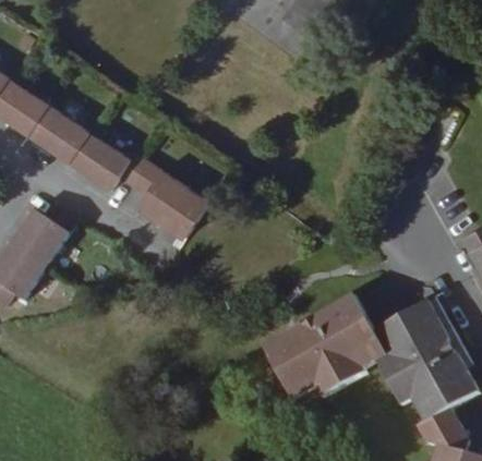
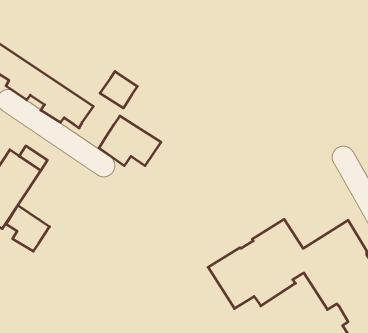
building: [116,157,159,199] -> [100,71,137,108]
building: none -> [6,205,50,251]

